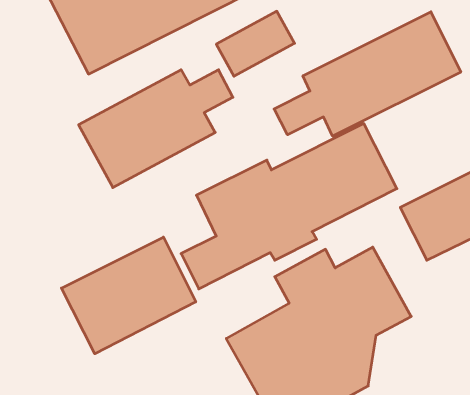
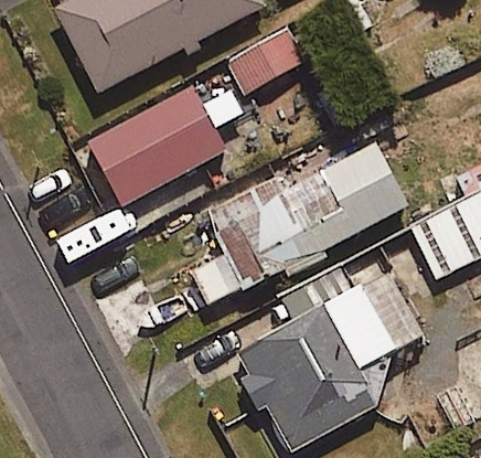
building: [274,12,461,136] -> none
building: [61,237,196,354] -> none

